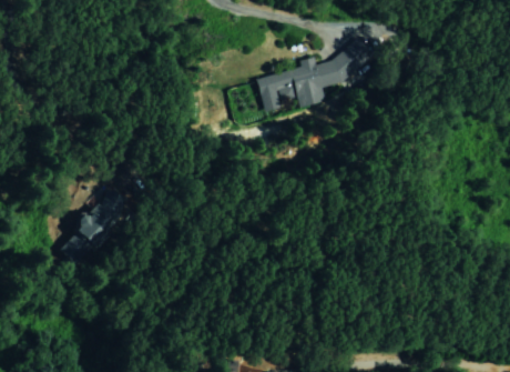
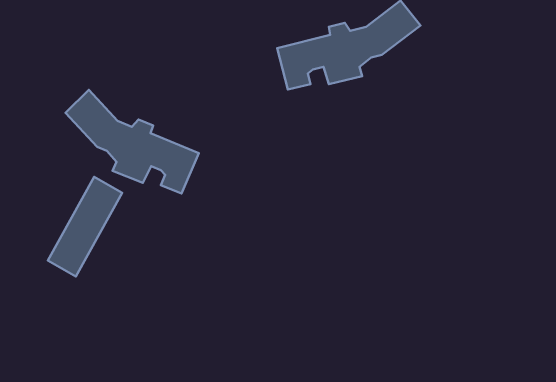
building: none -> [65,90,199,193]

